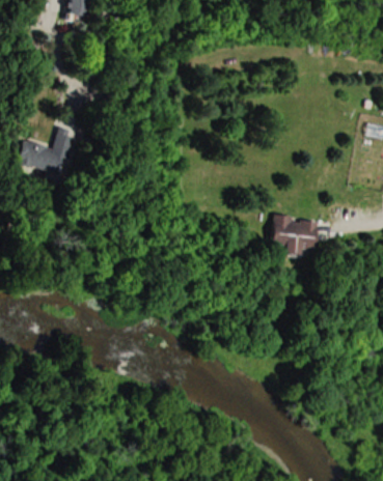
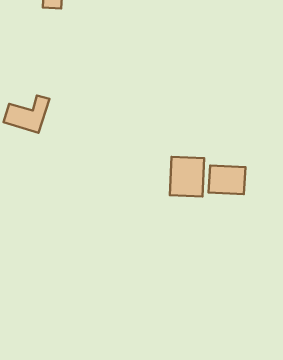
building: none -> [170,157,204,196]

